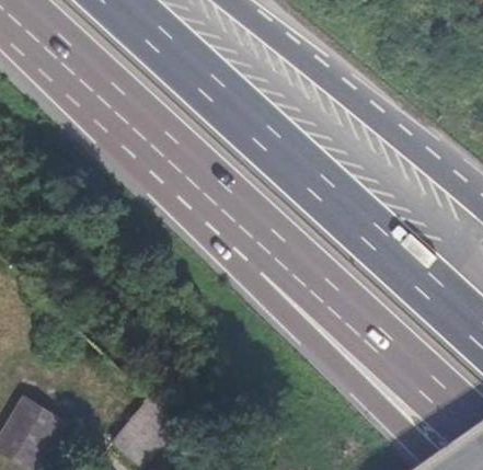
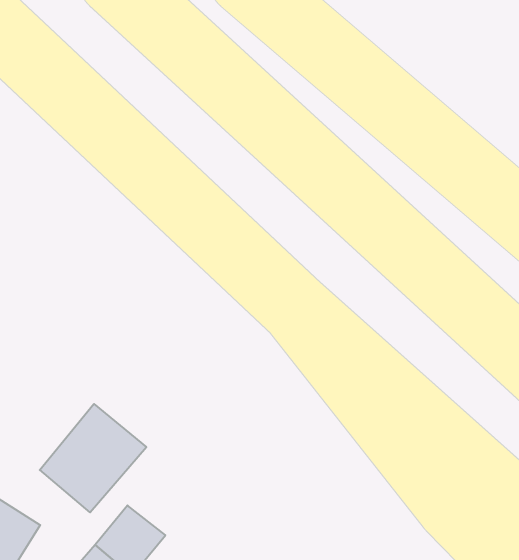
building: none -> [40,404,146,512]

